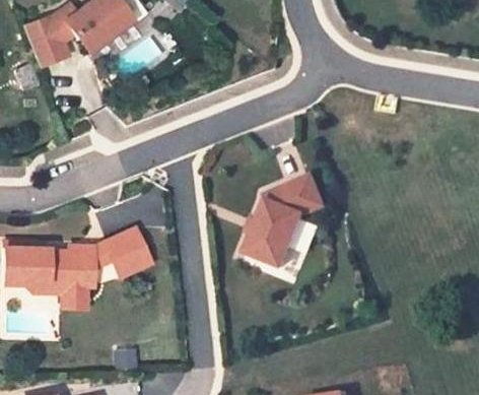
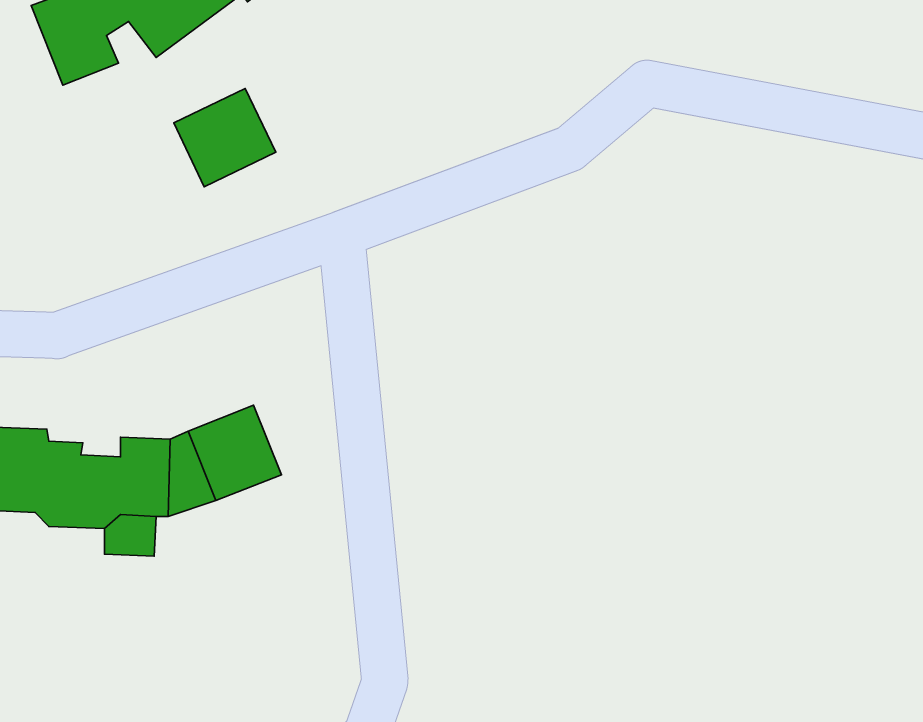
building: none -> [174,88,276,187]
building: [246,174,323,267] -> none

